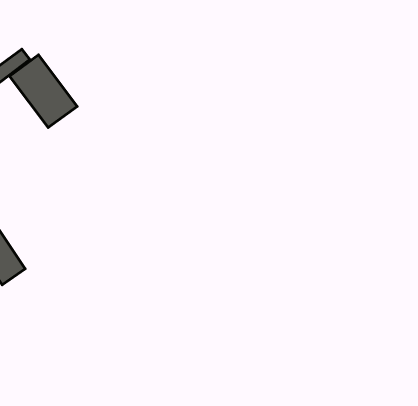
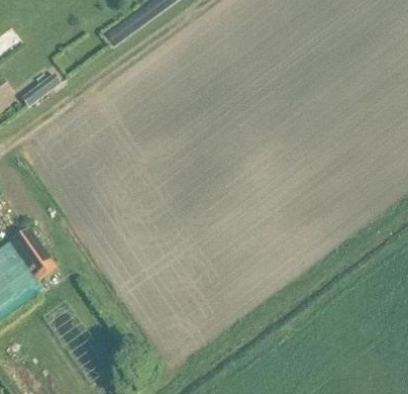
building: [9,55,77,128] -> none

